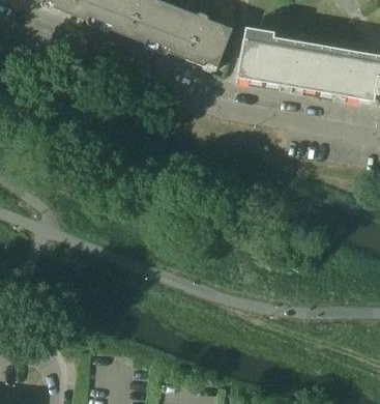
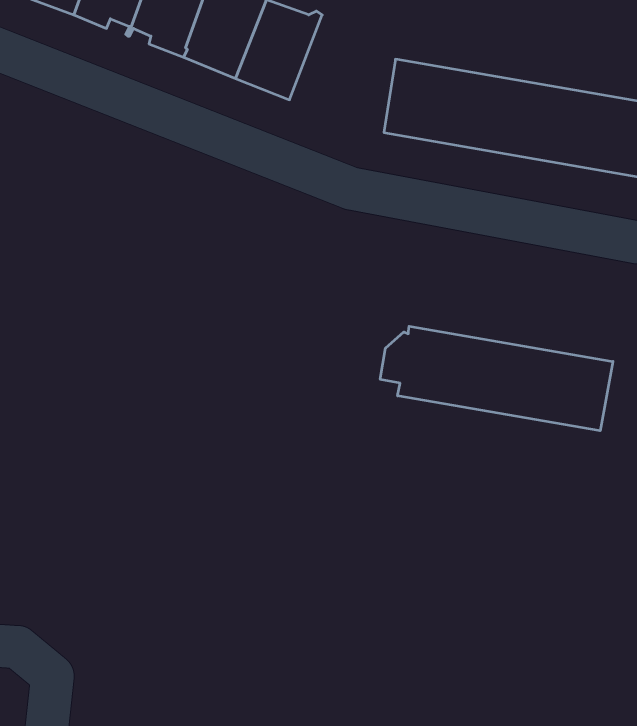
building: [186,13,233,70] -> none
building: none -> [380,326,613,431]

